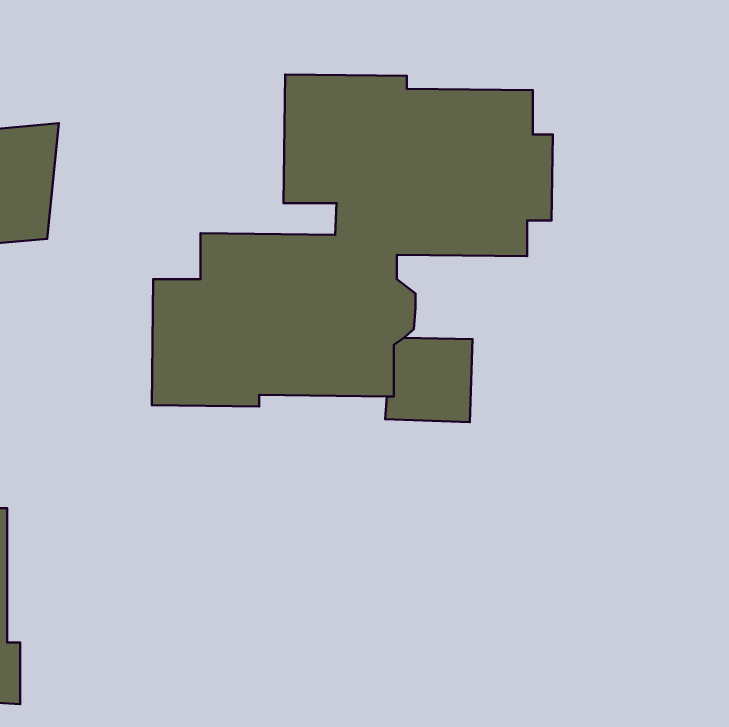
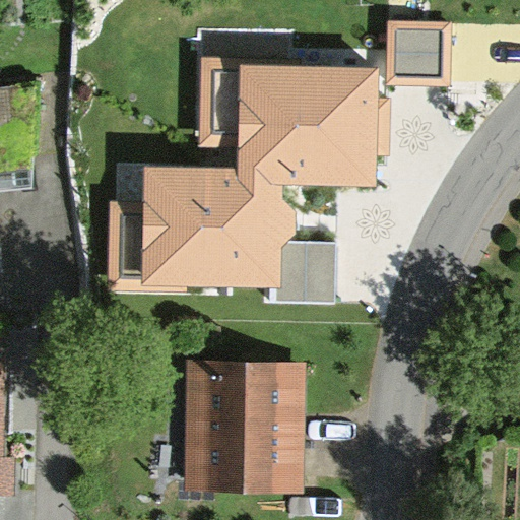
building: none -> [388,20,449,82]
building: none -> [183,363,303,493]

